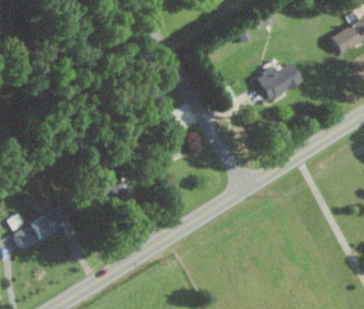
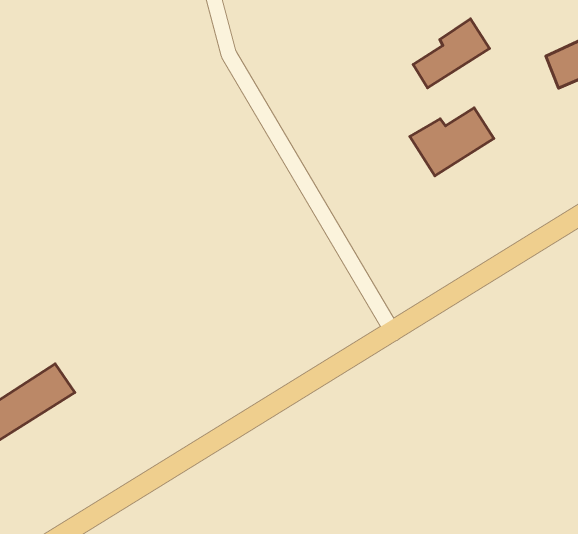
building: none -> [413,19,489,88]

